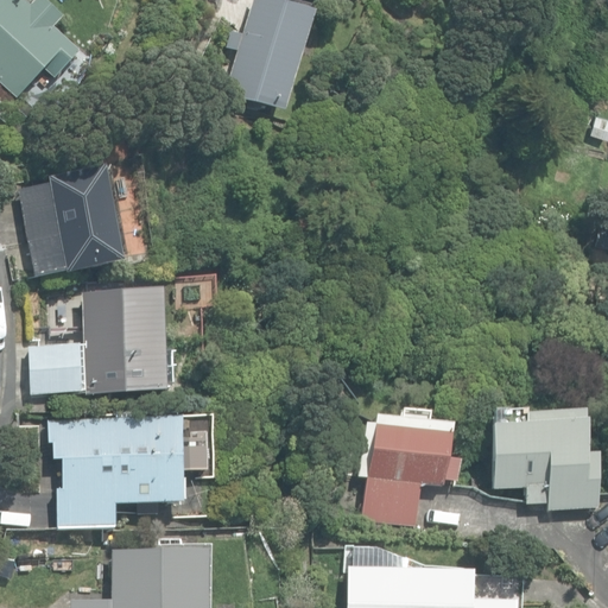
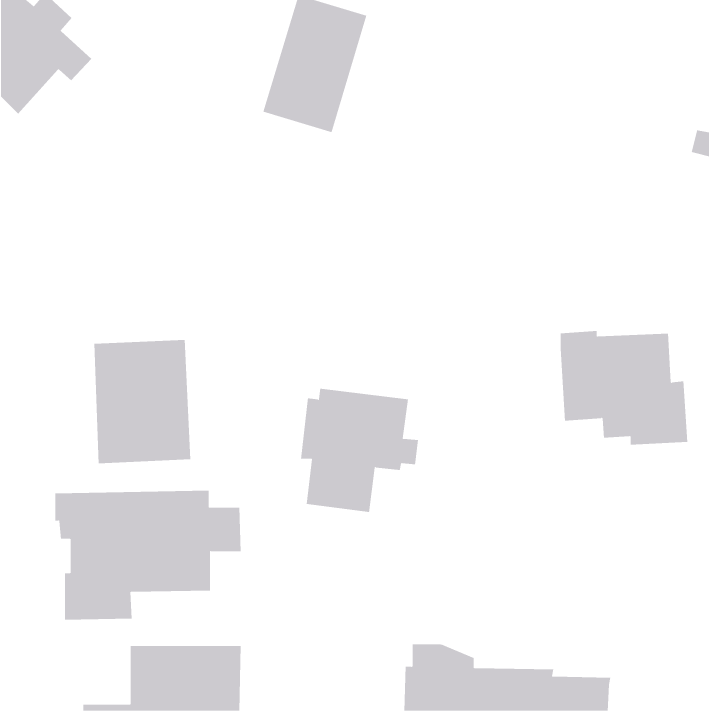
building: [19,167,122,276] -> none
building: [31,343,82,393] -> none
building: [489,412,598,509] -> [560,330,688,445]
building: [359,416,460,521] -> [300,388,419,512]

